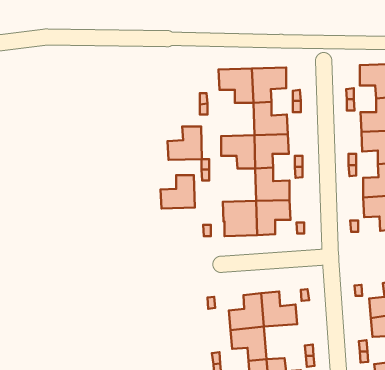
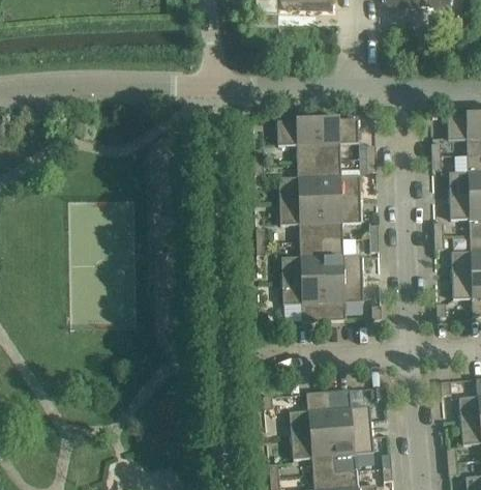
building: [168,127,202,160] -> [278,160,320,200]
building: [161,175,195,208] -> [280,239,322,280]
building: none -> [331,428,373,470]

